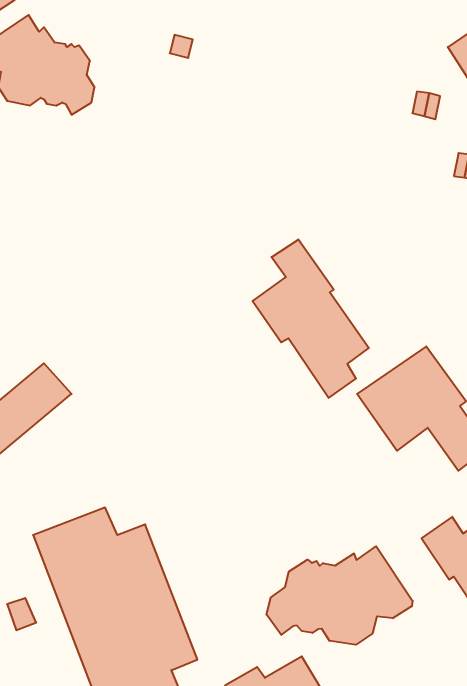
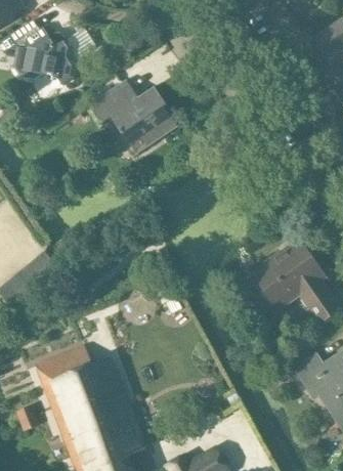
building: none -> [90,83,174,145]
building: [253,239,369,398] -> none
building: [266,546,413,645] -> none

